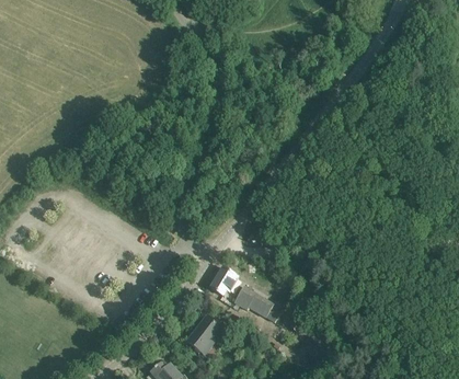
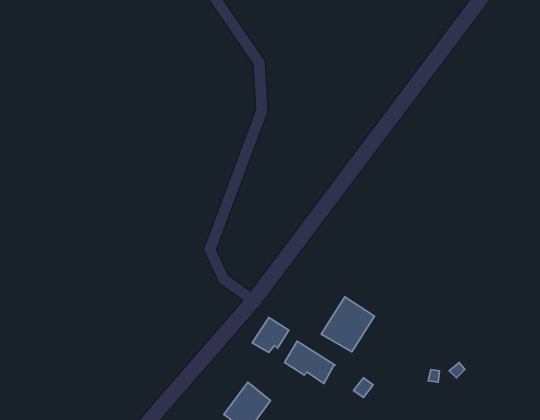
building: none -> [321,297,374,352]

